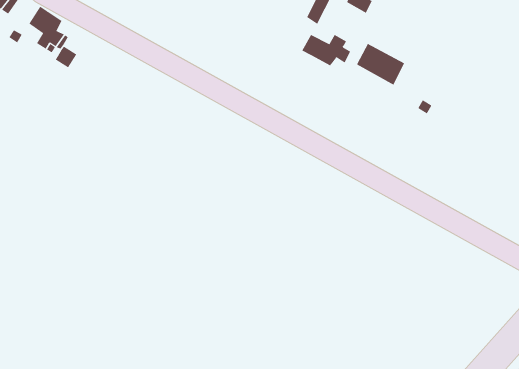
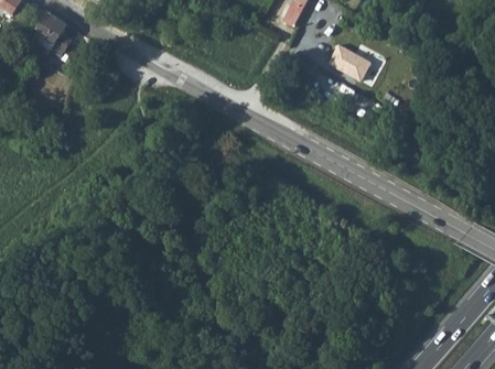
building: [301,34,351,66] -> none

